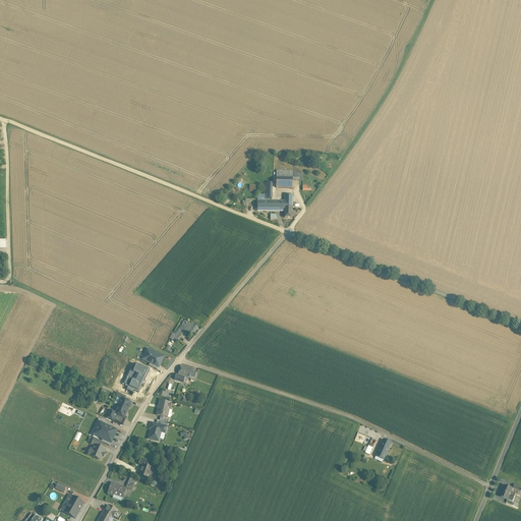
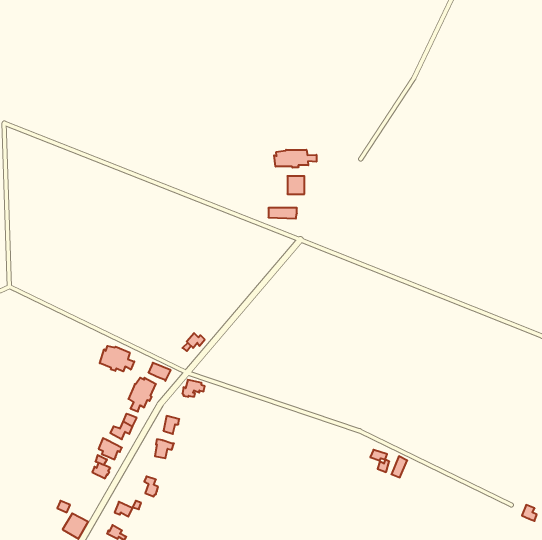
building: none -> [274,150,316,168]
building: none -> [100,346,134,371]

